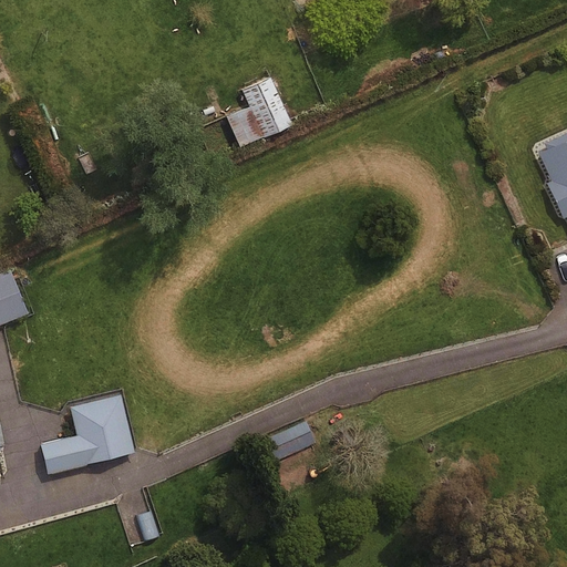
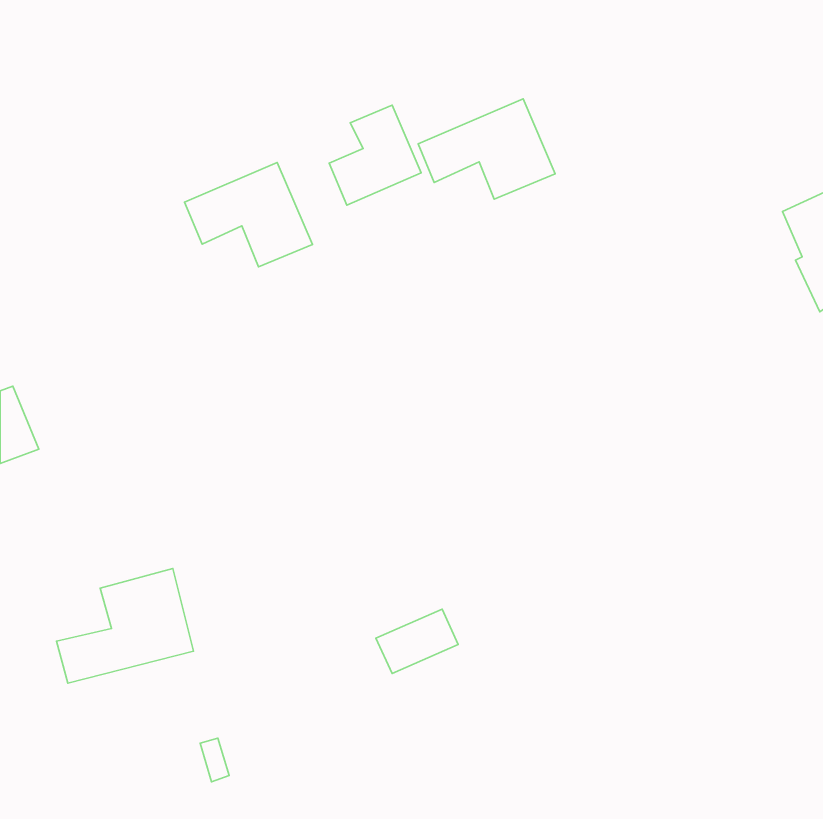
building: none -> [418,99,555,199]
building: none -> [185,162,312,267]

